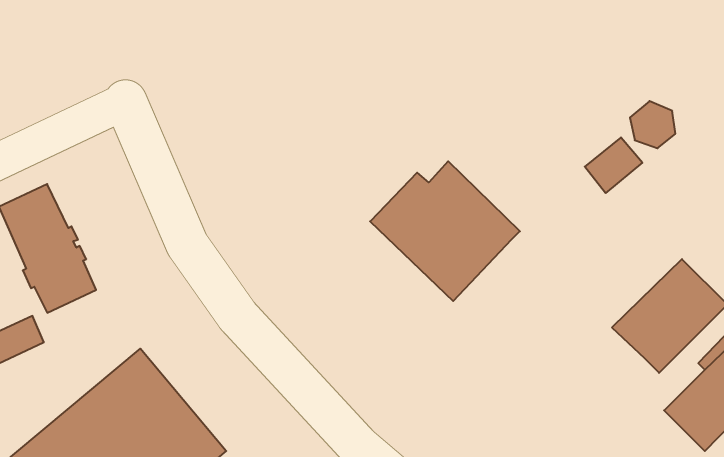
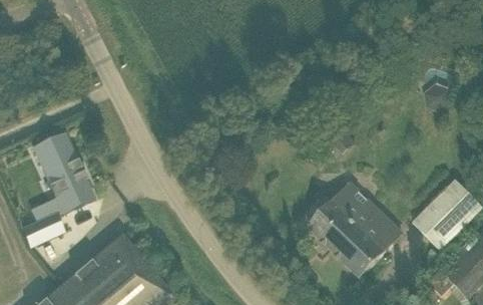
building: [585,137,642,193] -> none
building: [370,161,520,301] -> [309,188,401,274]

